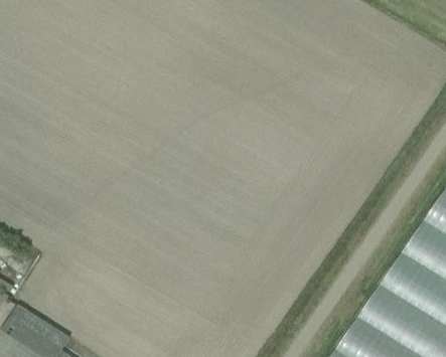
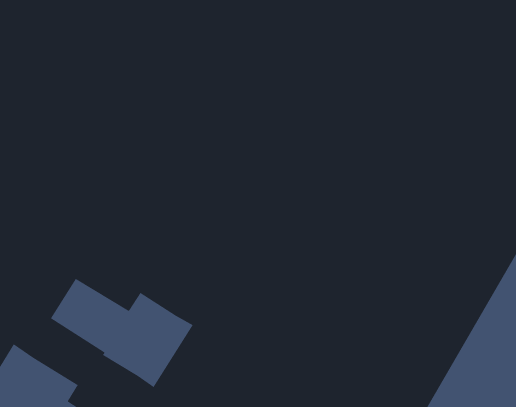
building: none -> [50,278,194,388]

